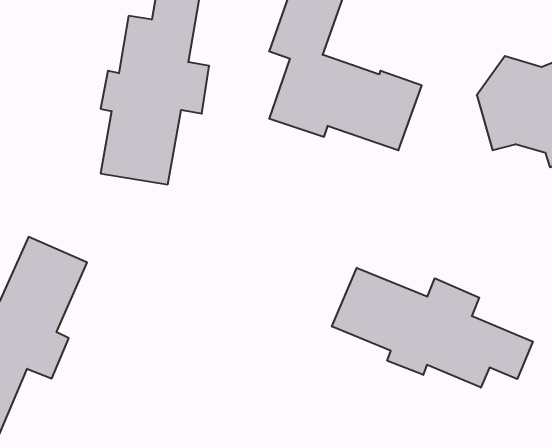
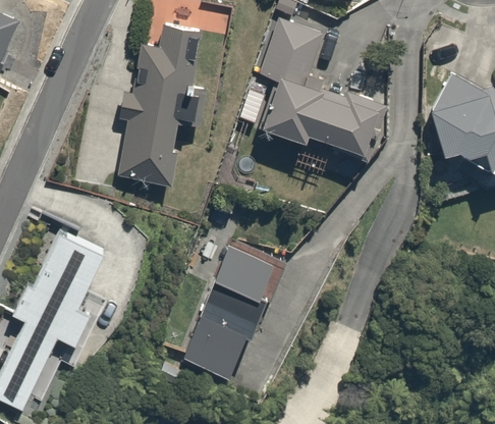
building: none -> [182,247,278,378]
building: [332,268,533,388] -> none

